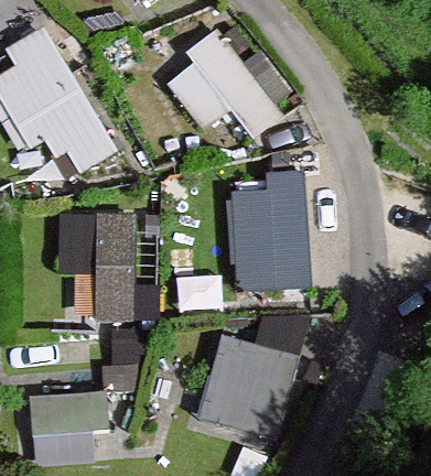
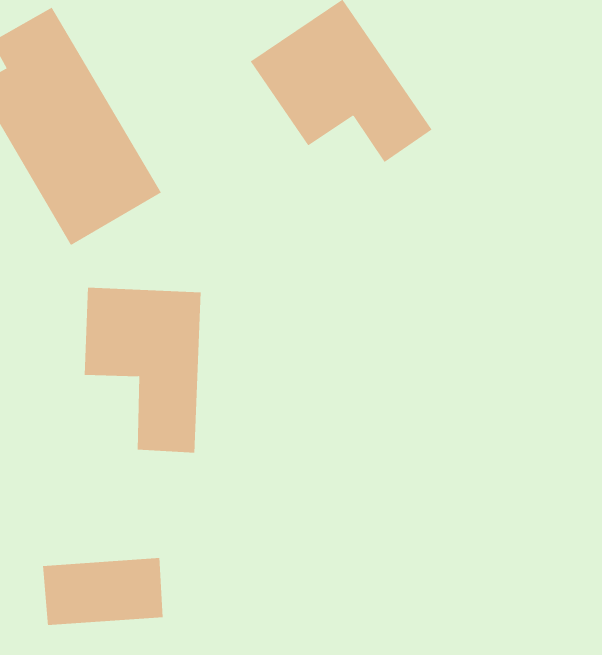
building: [226,178,304,288] -> none
building: [188,335,292,447] -> none

